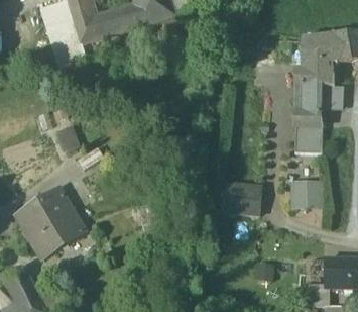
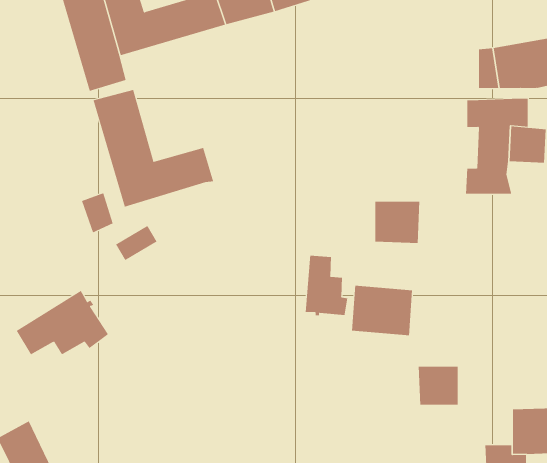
building: none -> [93,89,214,208]
building: [293,127,322,153] -> [375,201,420,243]
building: none -> [305,255,348,316]
building: [293,183,319,207] -> [418,366,459,405]
building: [24,214,85,258] -> none

